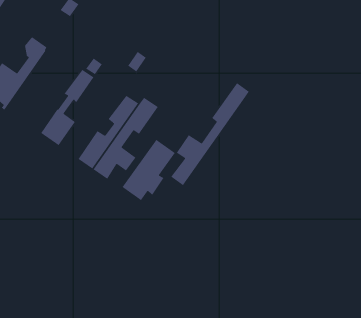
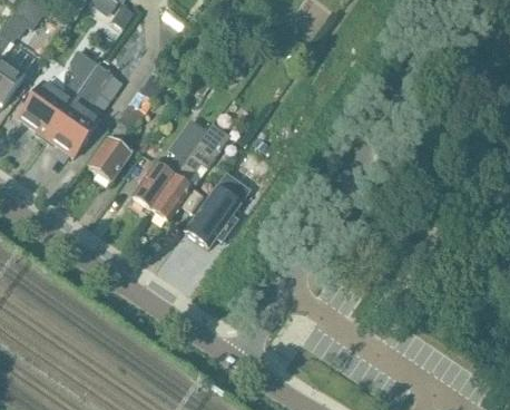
building: none -> [47,61,114,154]
building: [170,82,250,186] -> none

